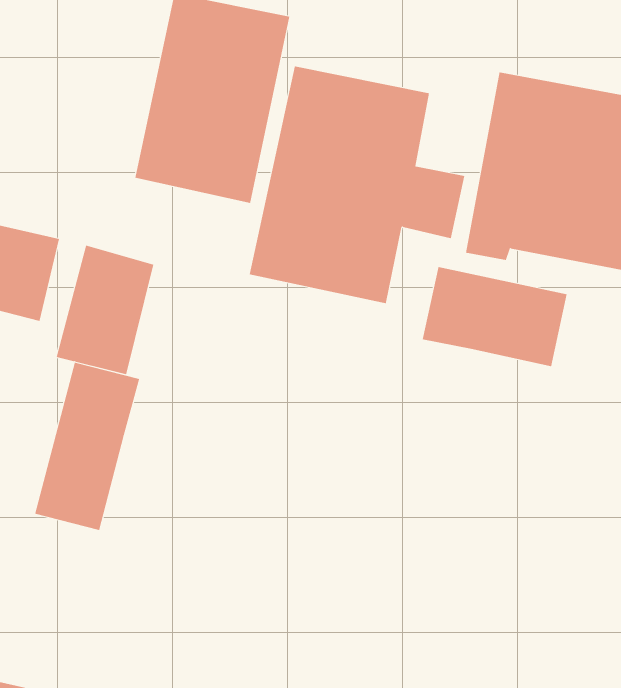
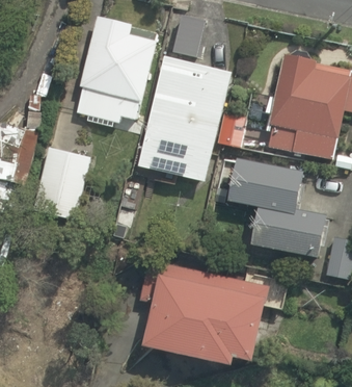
building: none -> [245,203,326,255]
building: [34,362,140,531] -> none
building: none -> [139,261,270,359]

